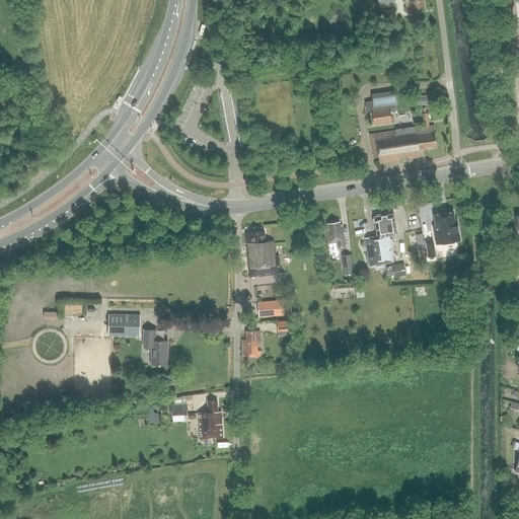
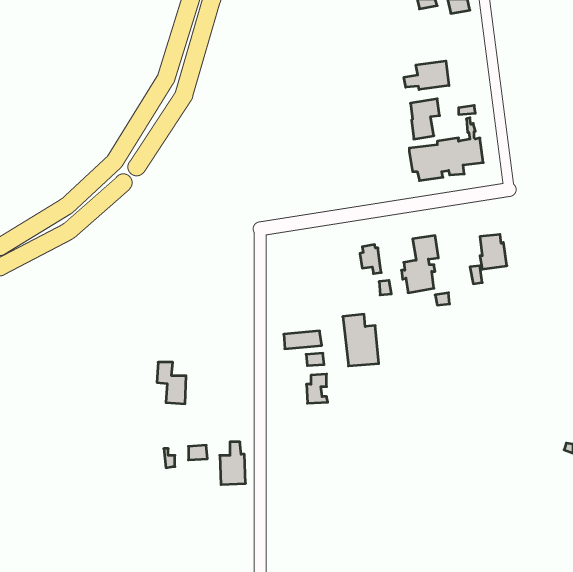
building: none -> [404,61,449,90]
building: [244,229,277,276] -> [343,314,379,366]
building: [107,314,140,336] -> none
building: [241,329,261,356] -> [306,374,328,403]

